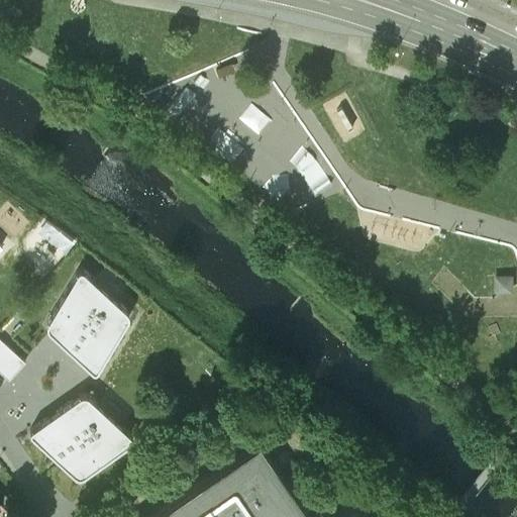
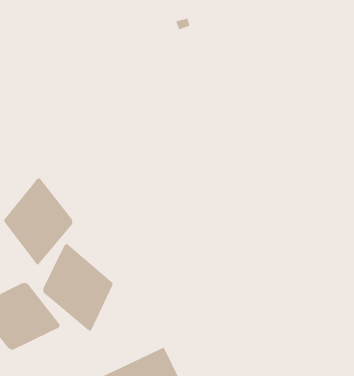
building: none -> [43,244,114,332]

